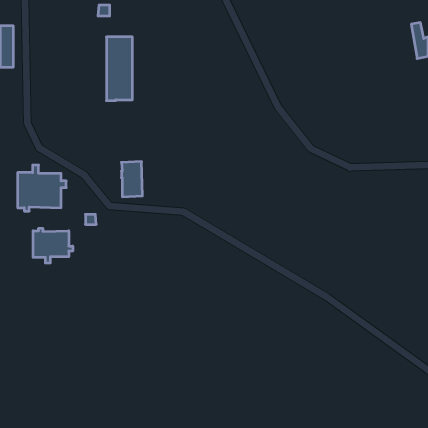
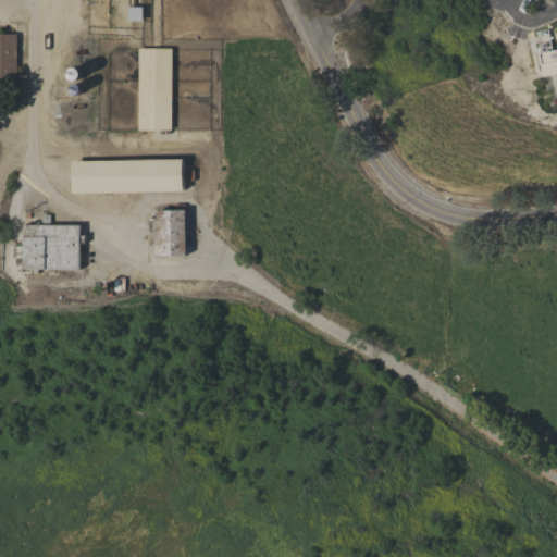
building: none -> [72,159,195,194]
building: [33,228,73,263] -> none

